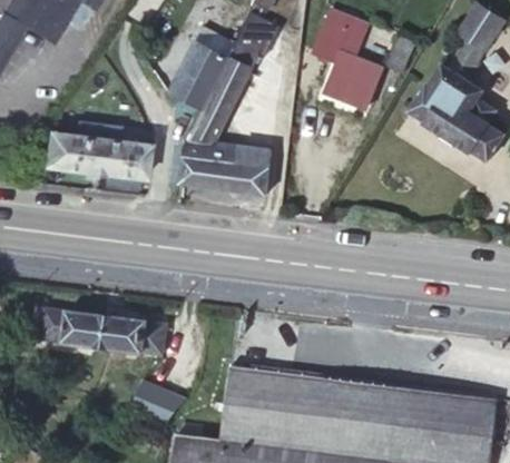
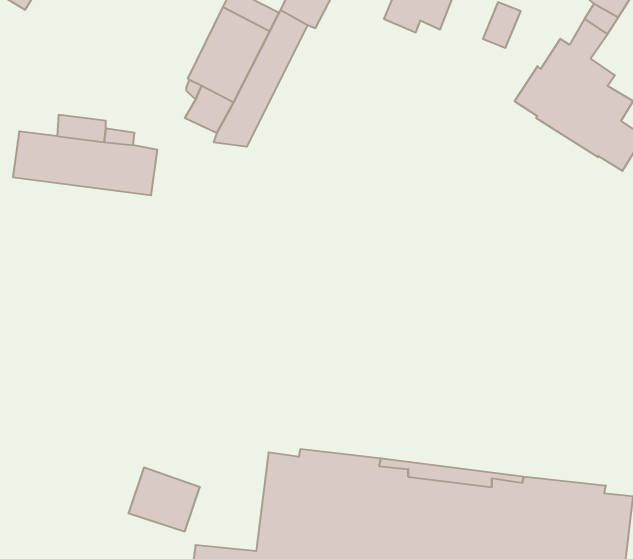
building: [325,52,383,107] -> none
building: [180,140,271,197] -> none
building: [38,308,166,358] -> none

